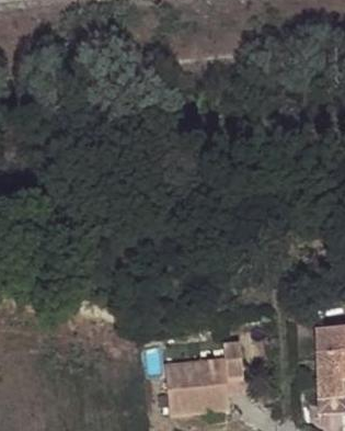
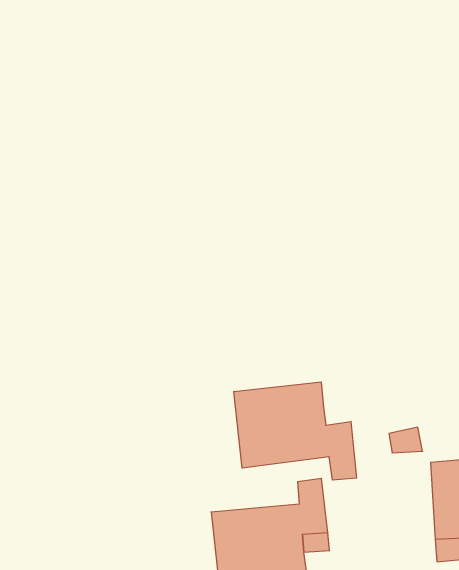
building: none -> [234,382,357,480]

